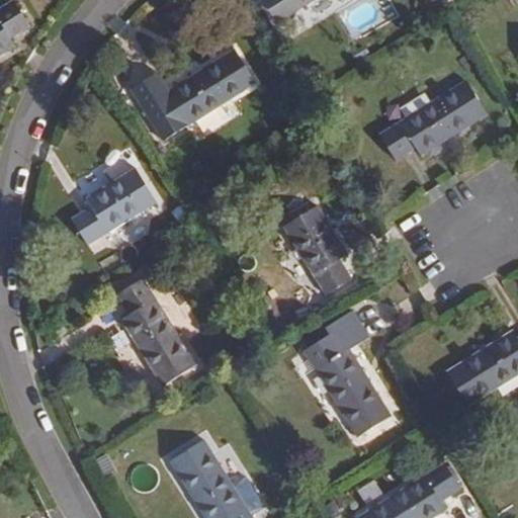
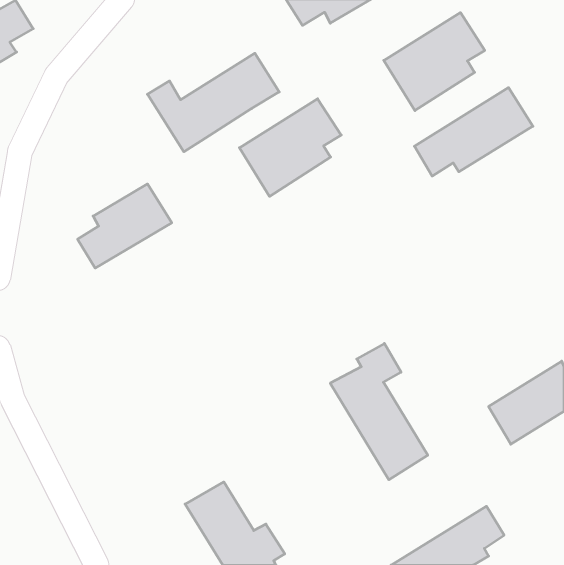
building: none -> [384,13,485,111]
building: none -> [239,99,341,196]
building: [281,204,352,295] -> none
building: [111,272,196,386] -> none

